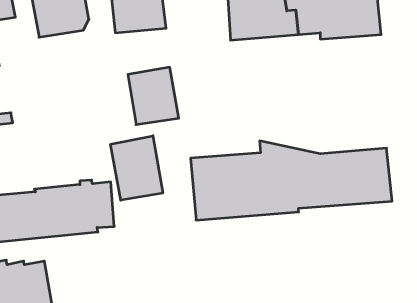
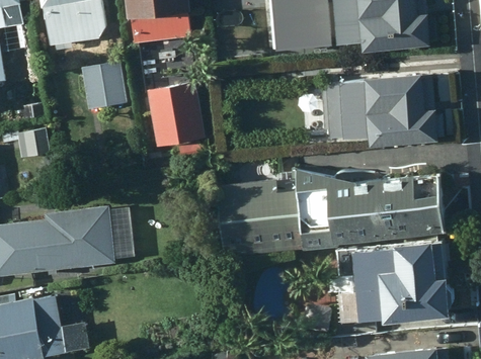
building: none -> [80,62,126,111]
building: none -> [329,72,437,146]
building: [111,136,163,200] -> none
building: none -> [335,238,451,319]

